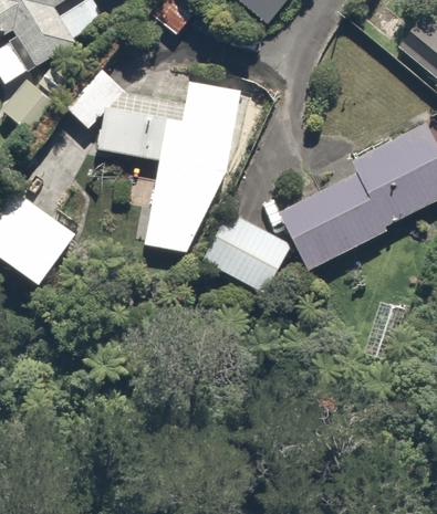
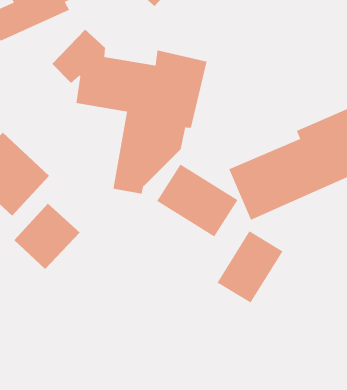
building: none -> [13,203,80,270]
building: none -> [217,230,283,304]

